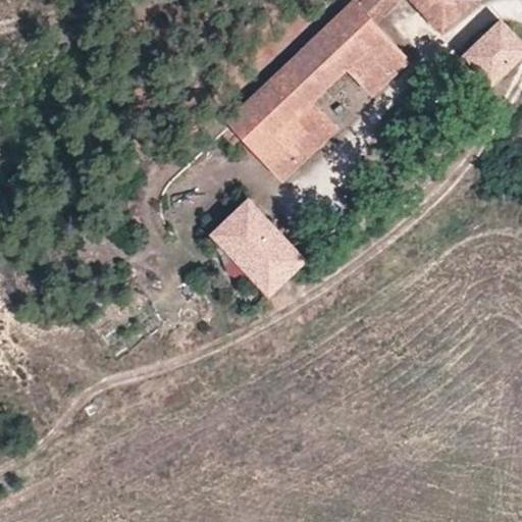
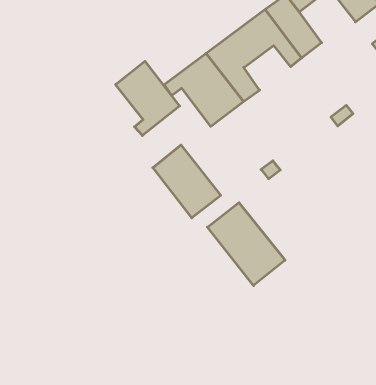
building: none -> [116,61,180,136]
building: none -> [207,203,285,286]

